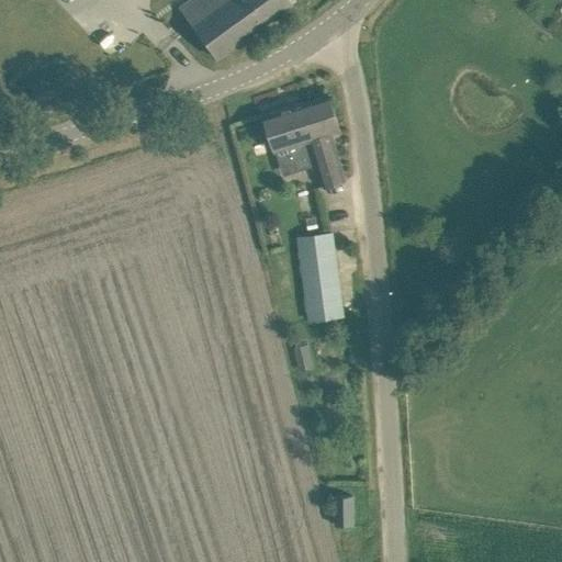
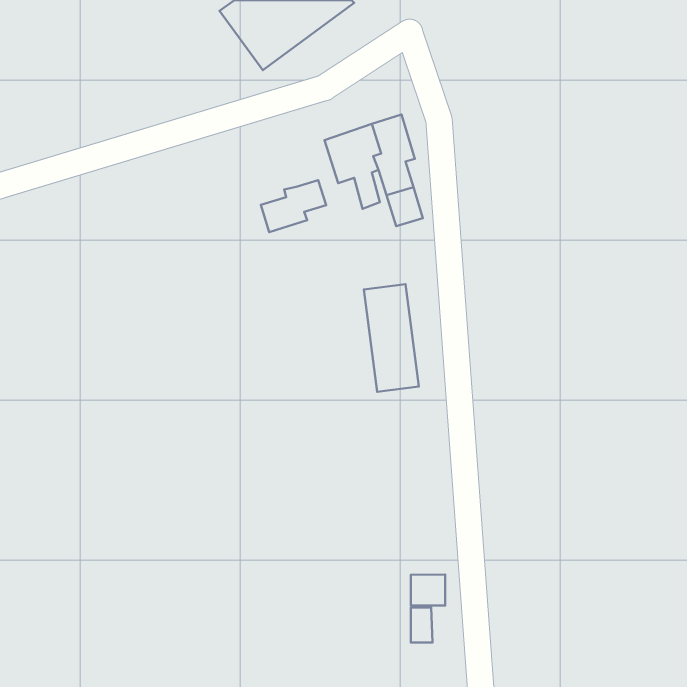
building: none -> [261,180,326,232]
building: none -> [411,575,445,606]

